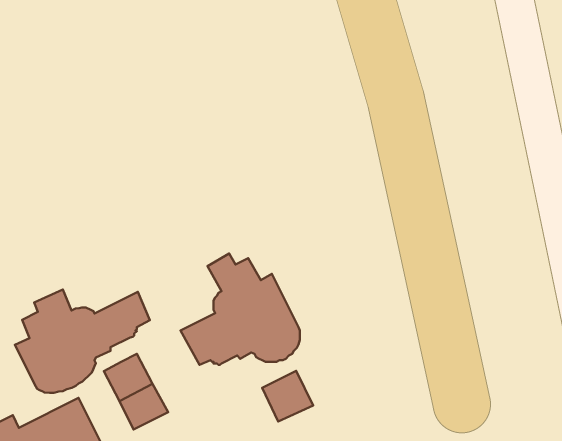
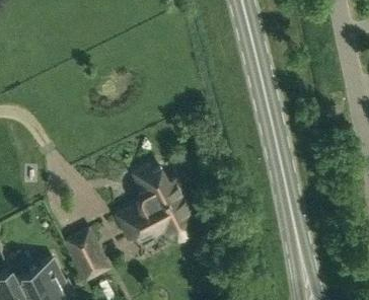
building: [15,289,150,393] -> none
building: [262,371,313,421] -> none

